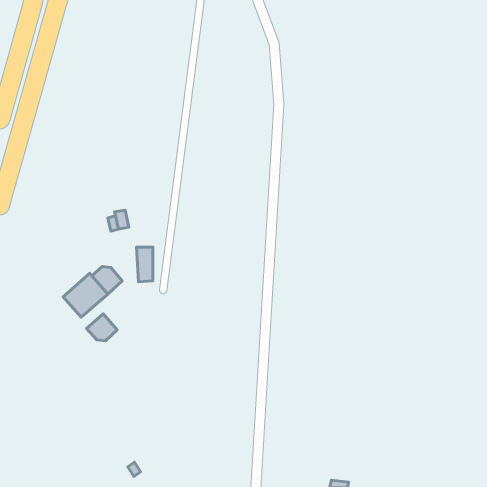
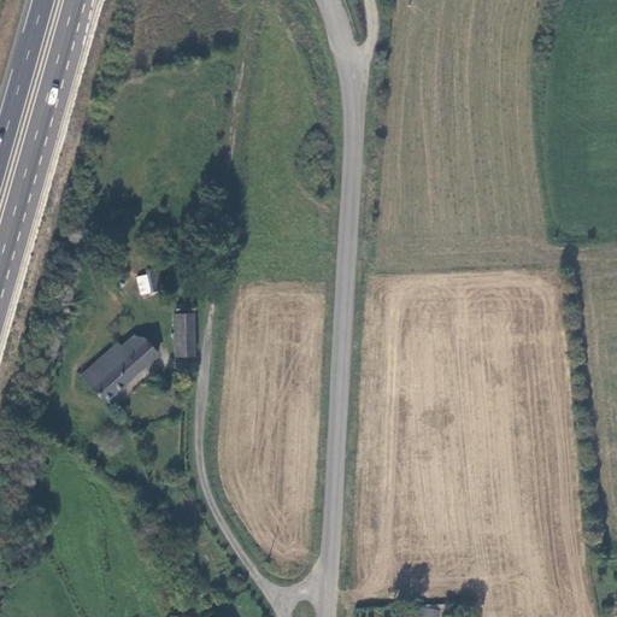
building: [87,314,117,341] -> none

